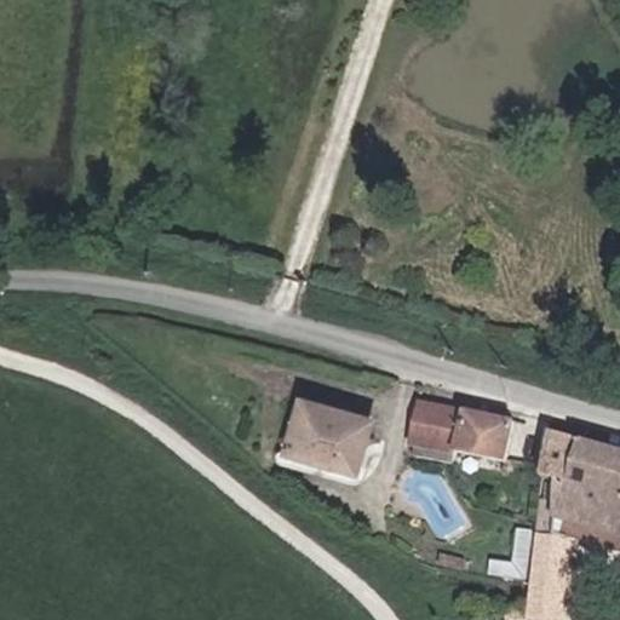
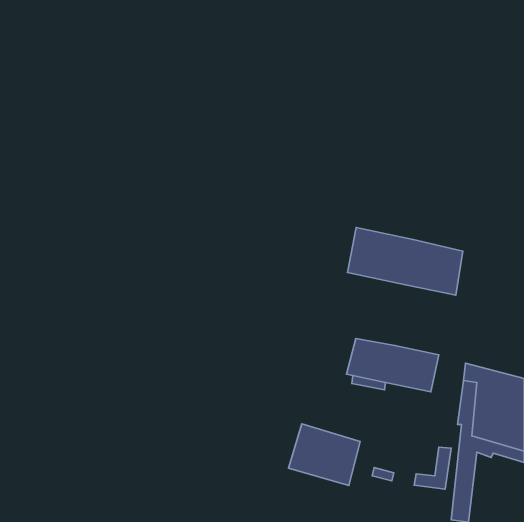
building: none -> [348,228,463,295]
building: [282,396,367,469] -> [288,424,360,485]

